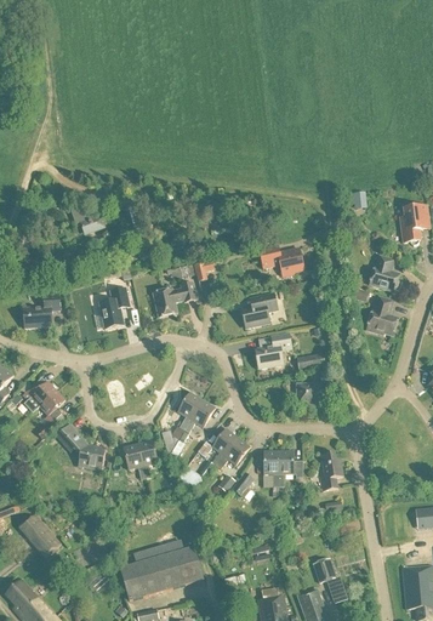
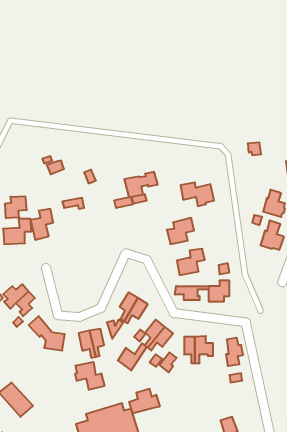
building: none -> [5,196,27,218]
building: [152,283,196,317] -> [124,172,158,197]
building: [98,287,129,329] -> [31,209,53,240]
building: none -> [175,286,209,300]
building: none -> [75,362,104,390]
building: none -> [129,389,160,414]

